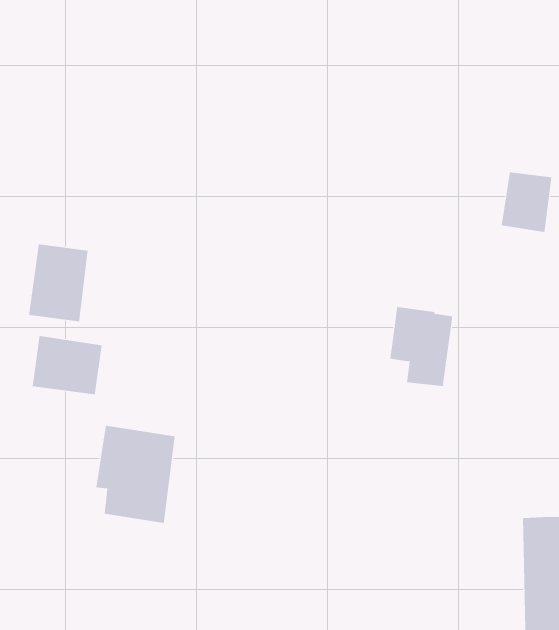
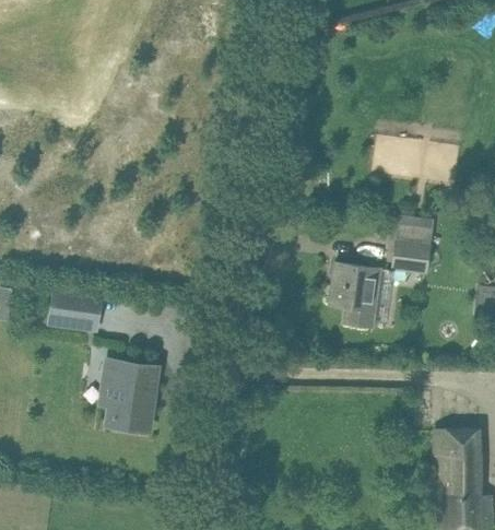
building: [501,172,552,233] -> [392,225,433,273]
building: [29,244,88,322] -> none

